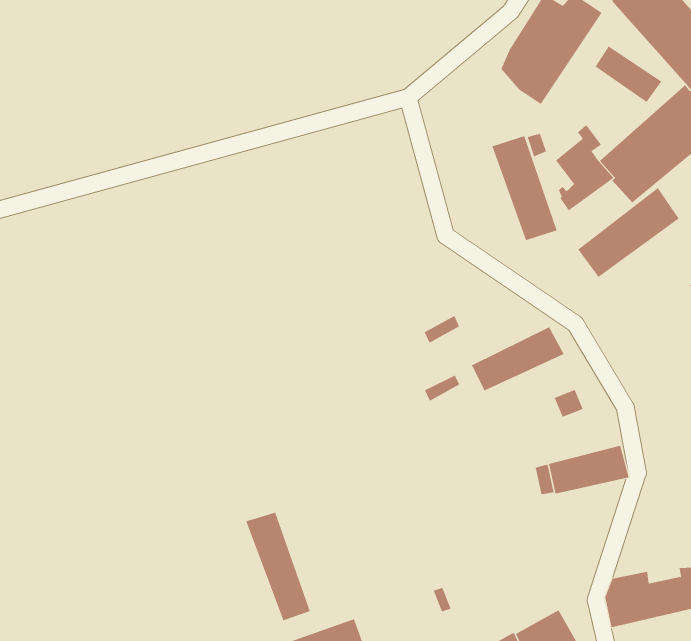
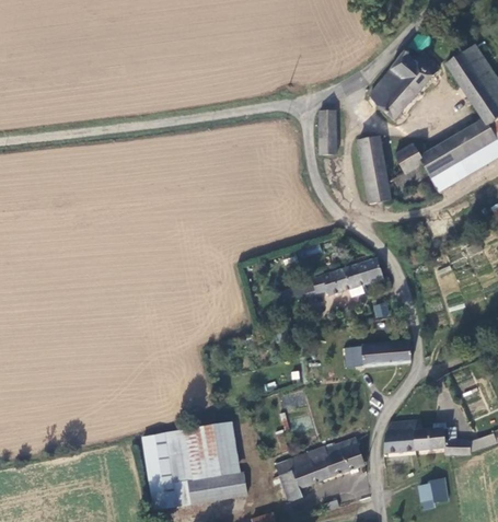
building: [595,46,662,103] -> none
building: none -> [320,109,335,154]
building: [578,187,679,278] -> none
building: [246,512,310,621] -> none

